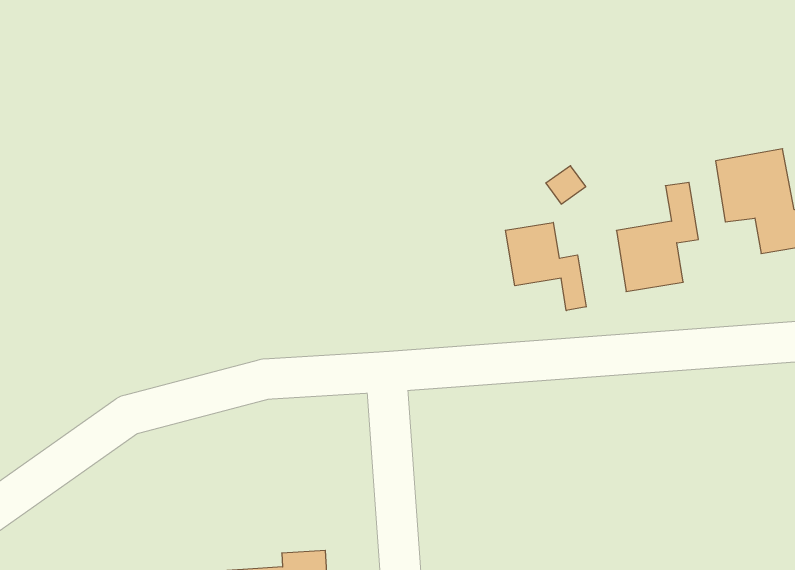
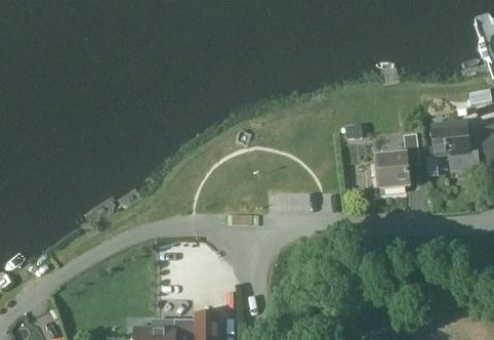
building: [505,222,586,311] -> none

